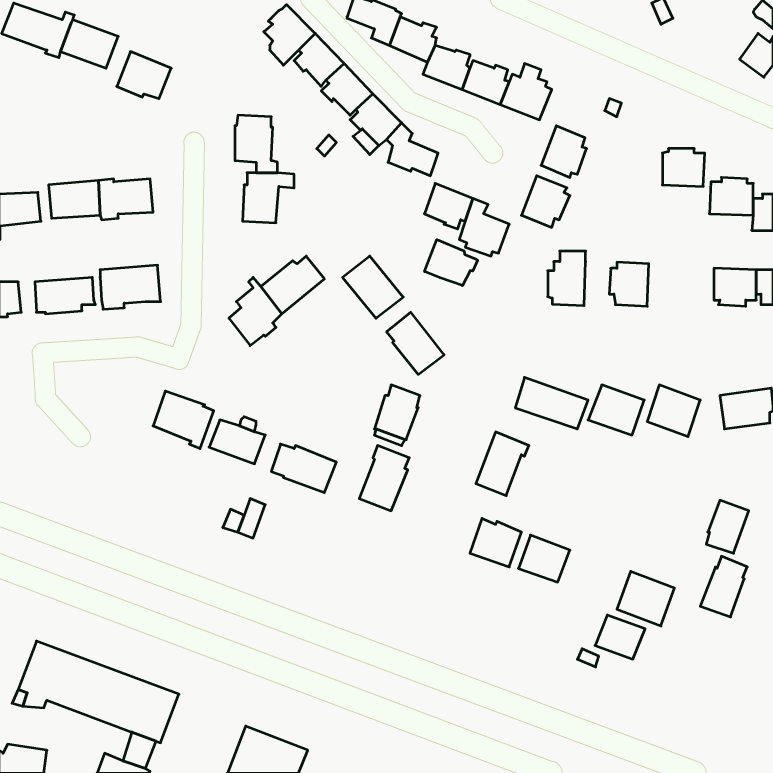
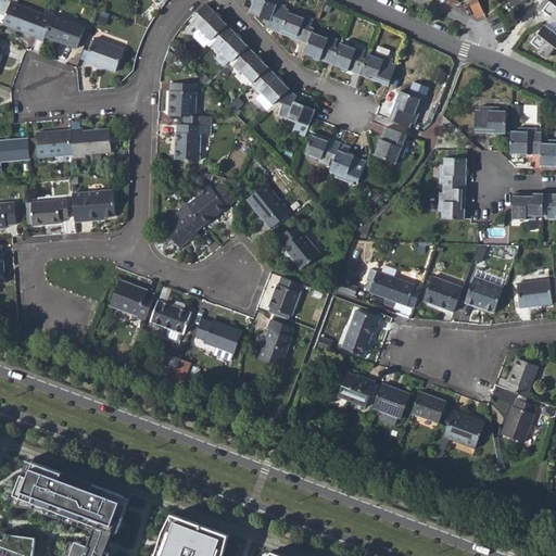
building: [425,240,478,286] -> none
building: [548,251,586,306] -> [439,150,466,189]
building: [595,615,645,659] -> [409,391,445,422]

